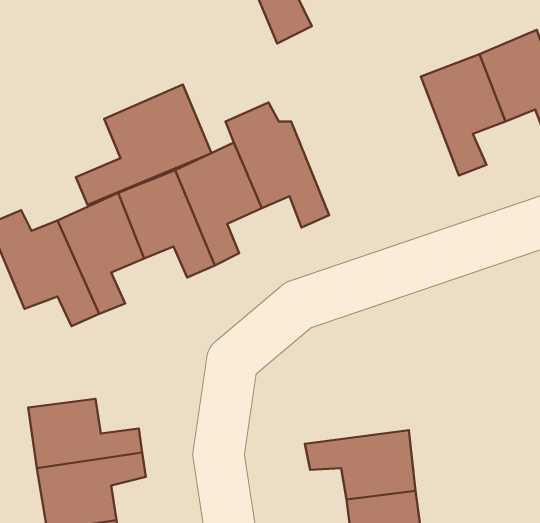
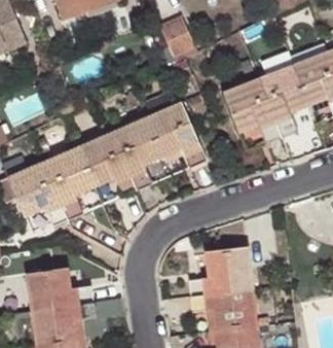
building: none -> [223,77,282,143]
building: [76,85,211,205] -> none
building: none -> [189,247,252,295]

